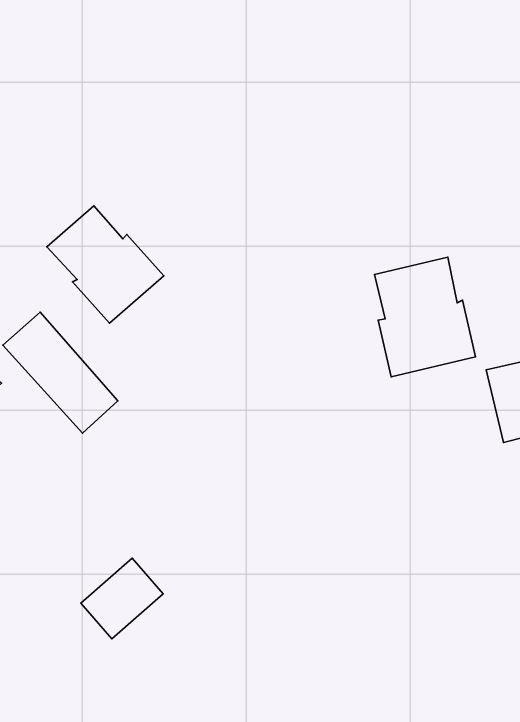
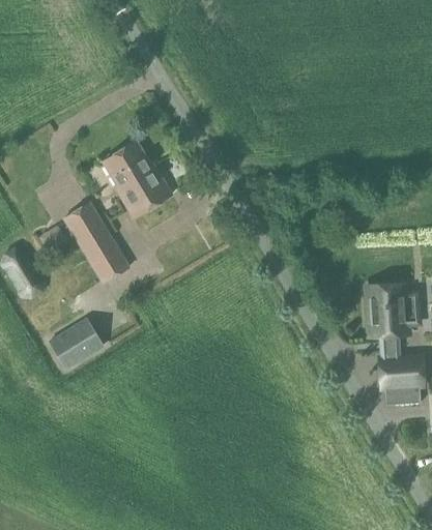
building: [375,257,475,377] -> none
building: [81,558,163,639] -> [50,319,103,367]

